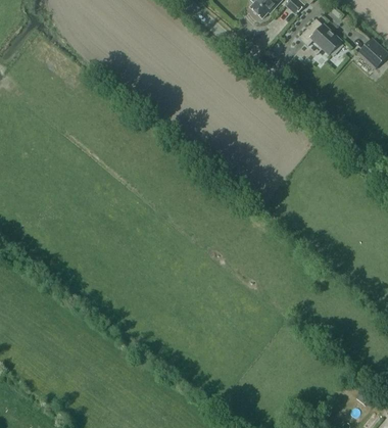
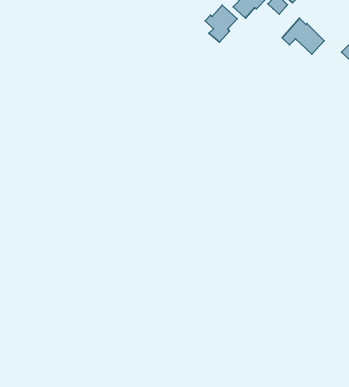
building: none -> [205,5,237,42]

